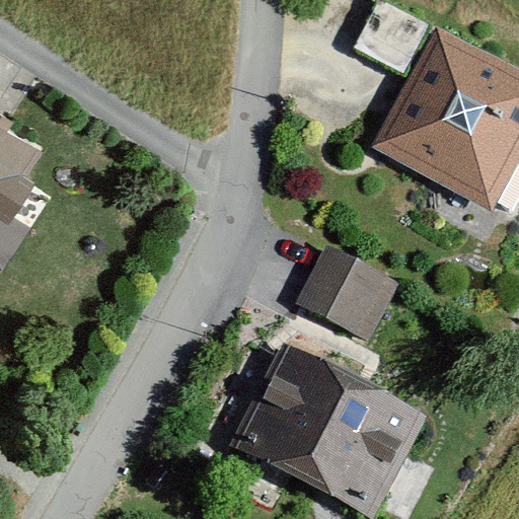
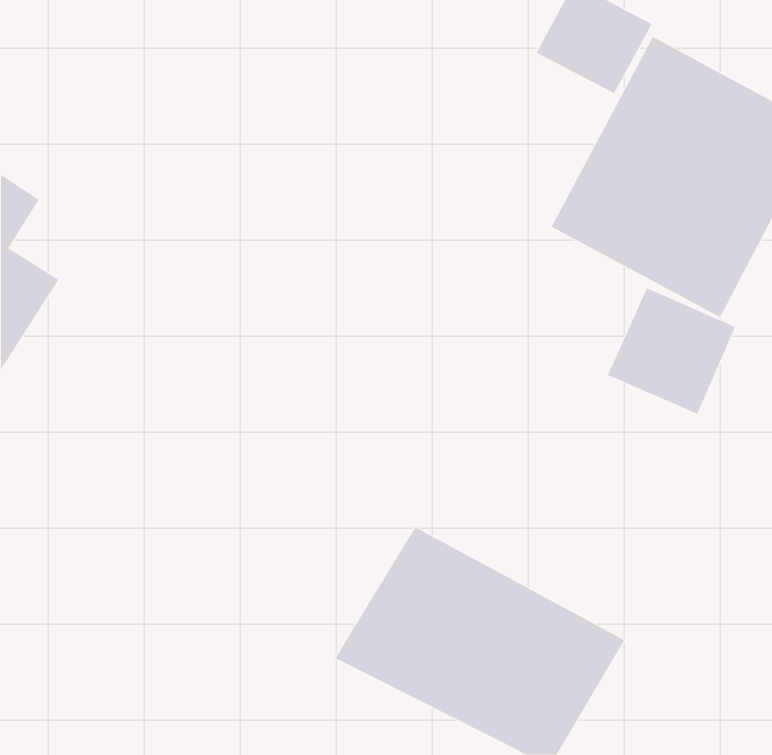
building: [303,242,389,327] -> [607,287,736,415]

